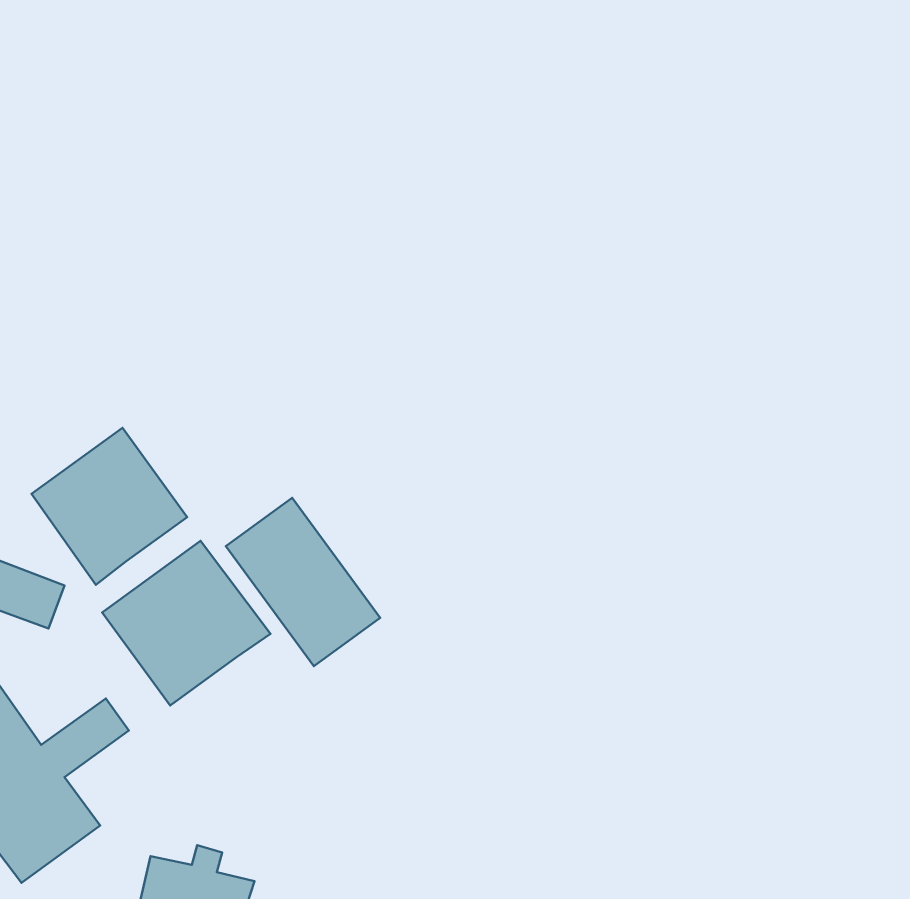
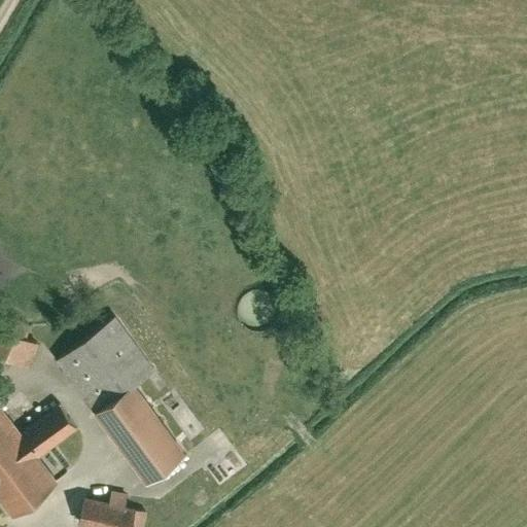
building: [32,428,187,585] -> none
building: [226,498,380,666] -> [98,387,186,484]

